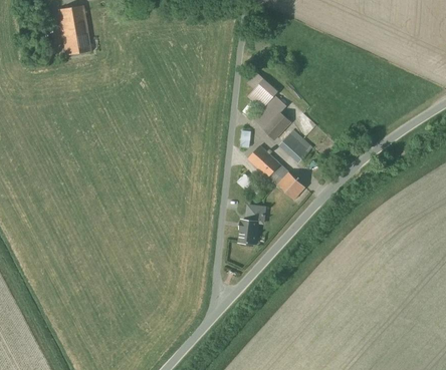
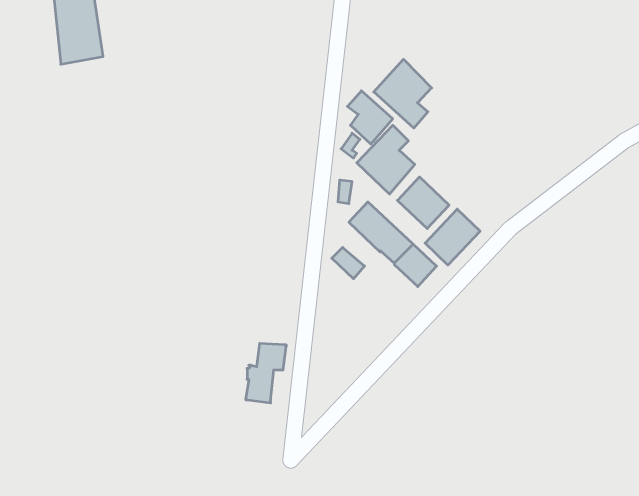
building: none -> [374,59,432,128]
building: none -> [425,209,480,265]
building: [240,206,266,244] -> [246,343,286,403]

